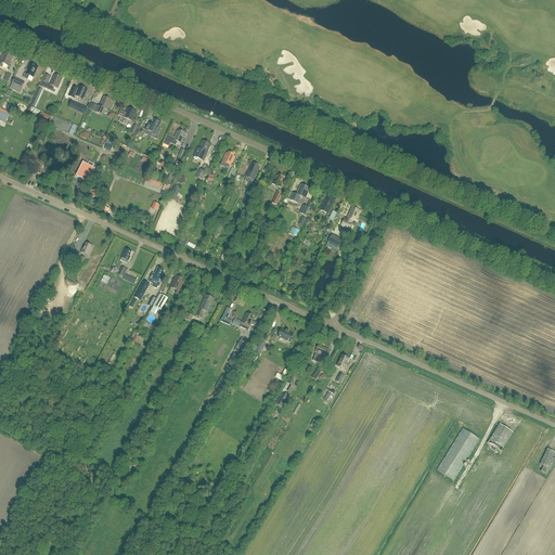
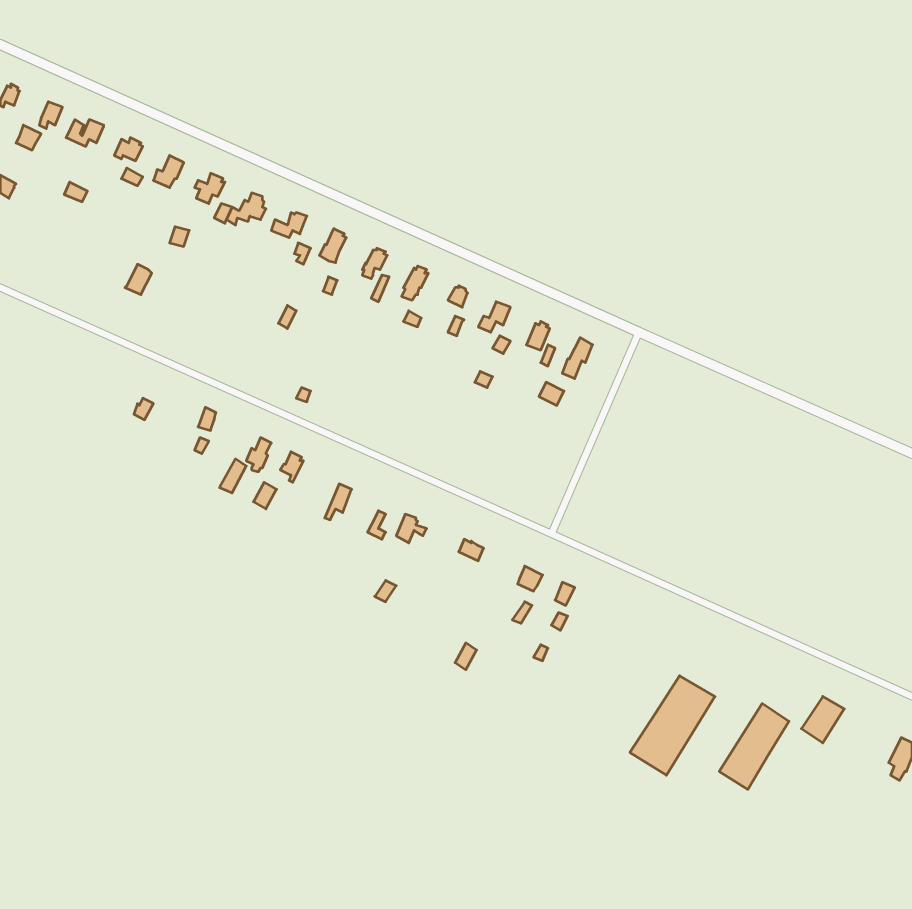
building: none -> [630,676,715,775]

